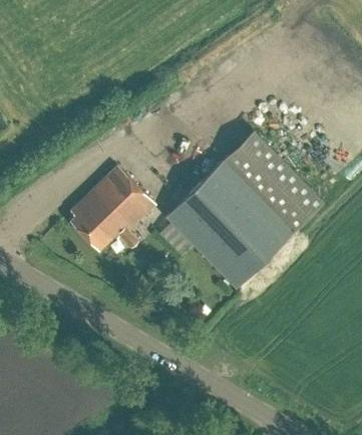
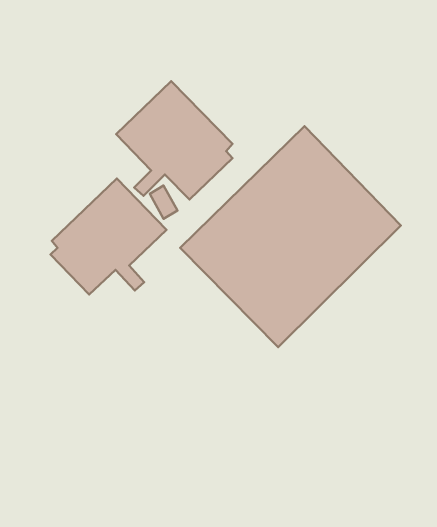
building: none -> [116,81,233,200]

